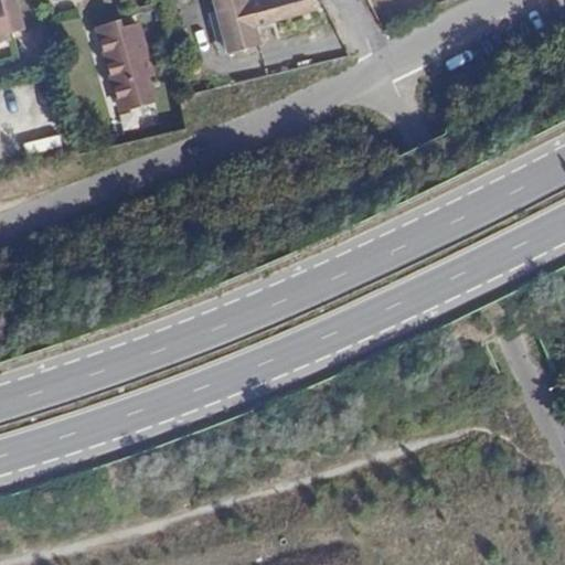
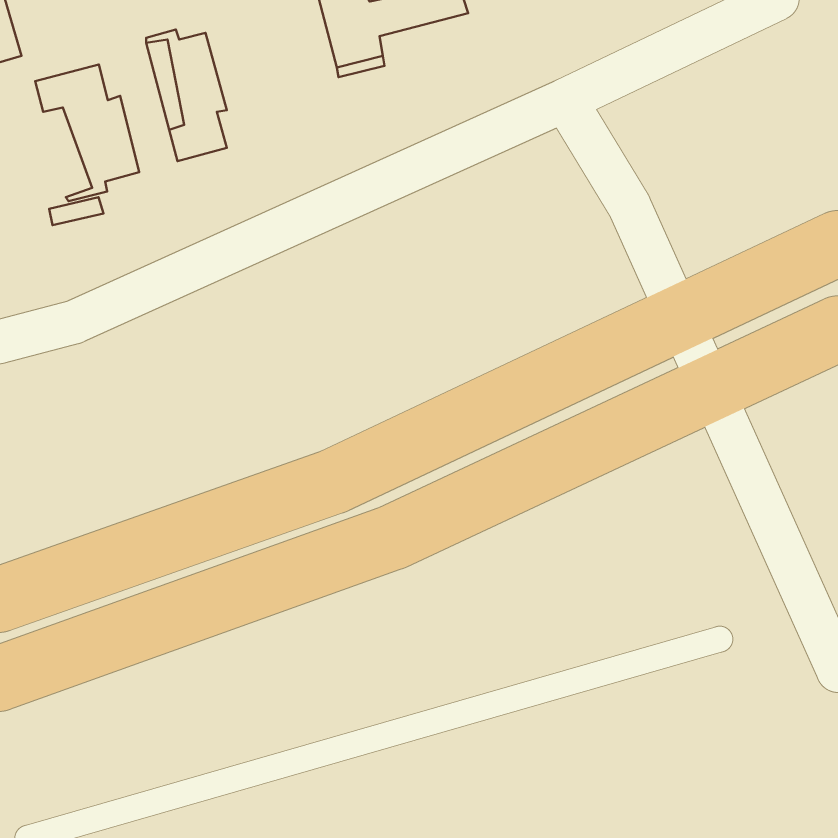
building: none -> [35,64,139,201]

